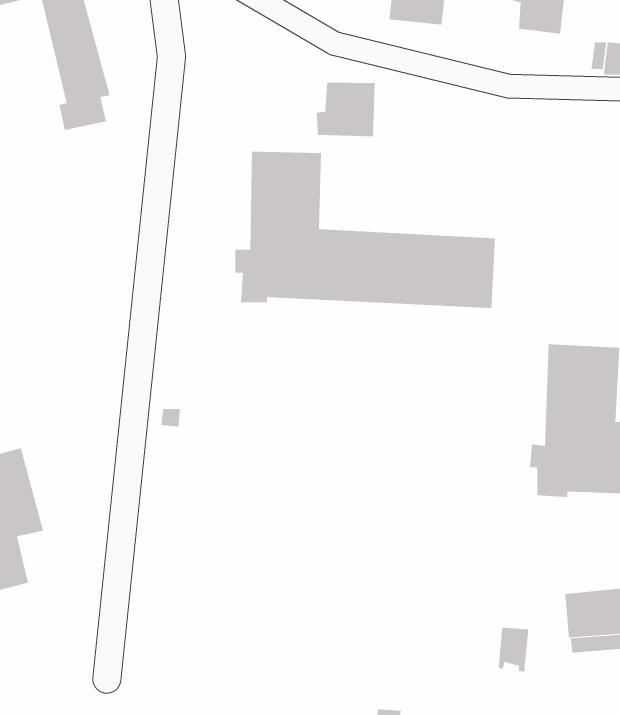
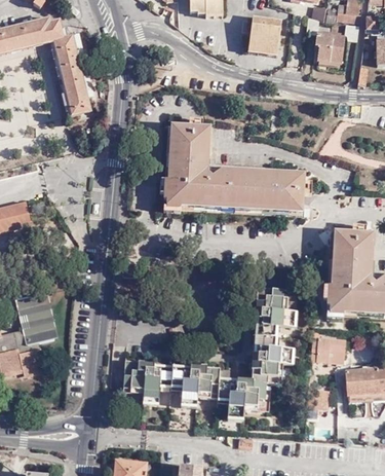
building: [316,82,375,137] -> none
building: none -> [123,290,294,416]
building: none -> [312,338,348,364]

